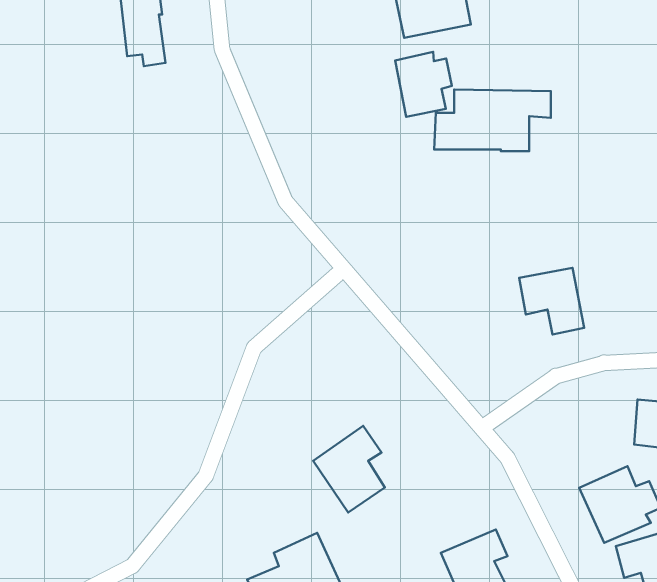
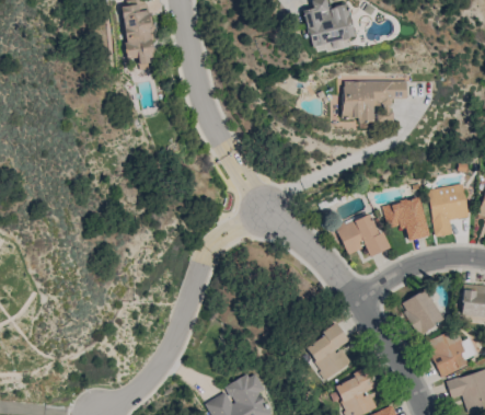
building: [395,52,452,117] -> none
building: none -> [428,183,469,233]
building: none -> [336,211,389,256]
building: none -> [400,288,444,335]
building: [313,426,385,512] -> [304,323,351,380]

